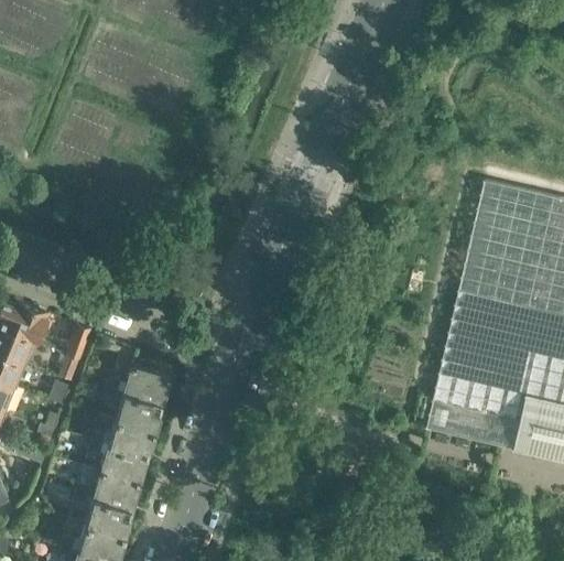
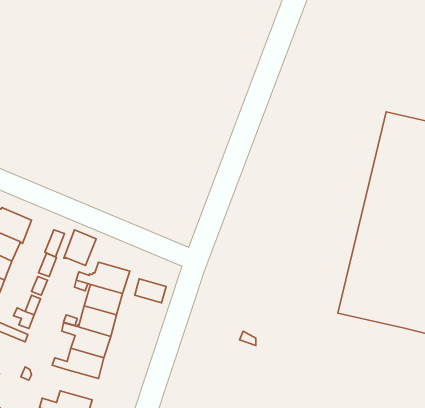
building: none -> [64,230,96,265]
building: none -> [135,279,166,303]
building: [72,493,131,536] -> none

